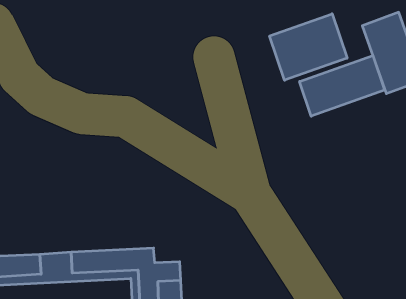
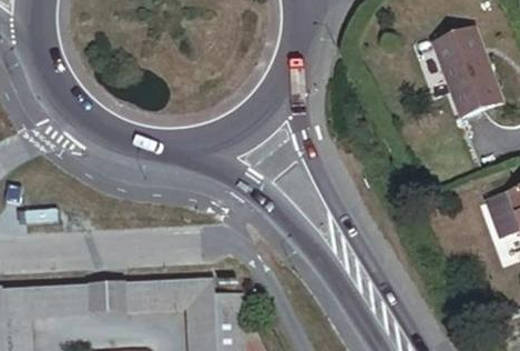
building: [270,14,347,80] -> none
building: [300,56,384,116] -> none

